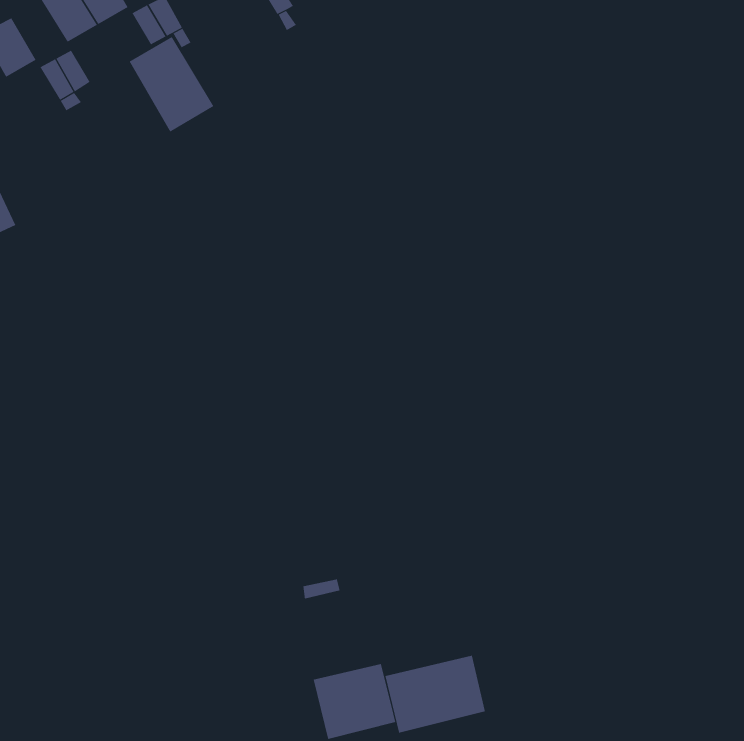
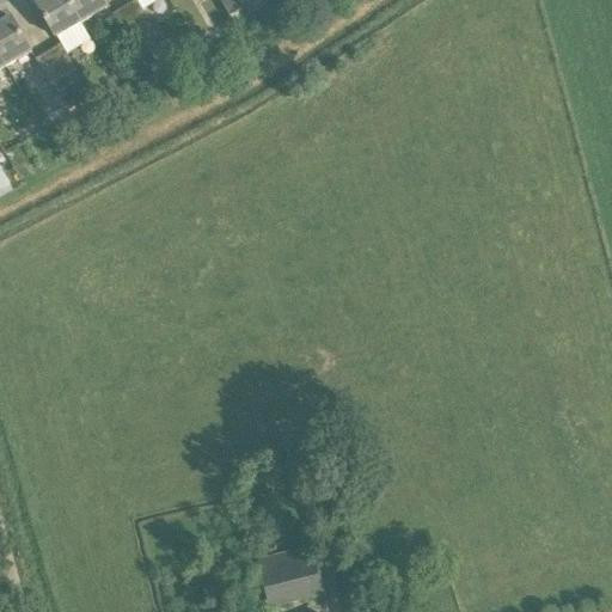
building: [129,36,214,132] -> none
building: [385,655,486,734] -> none

